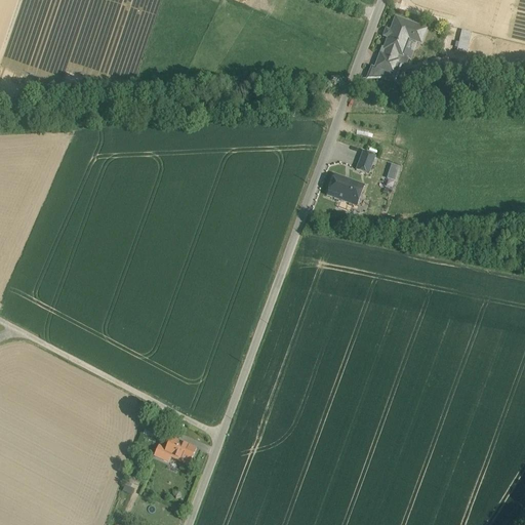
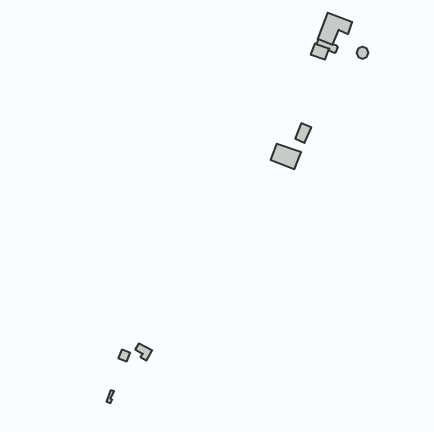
building: [163,435,196,463] -> none

